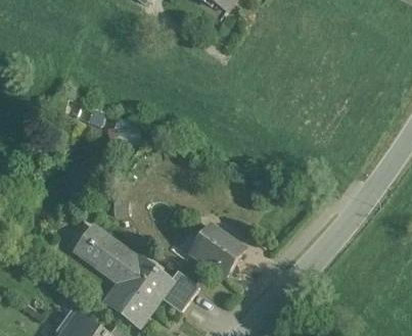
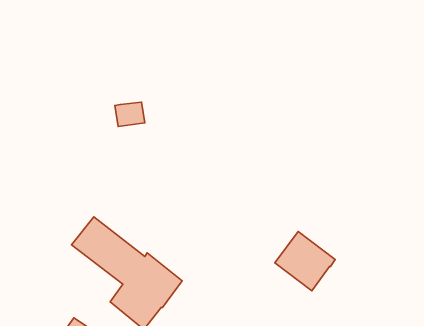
building: [189,224,242,276] -> [275,232,335,291]
building: [161,270,199,310] -> none

